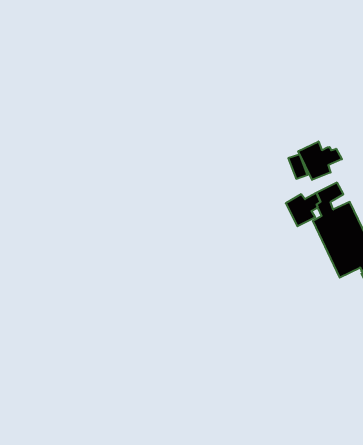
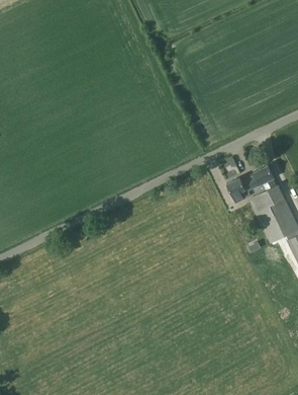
building: [298,141,342,180] -> none

